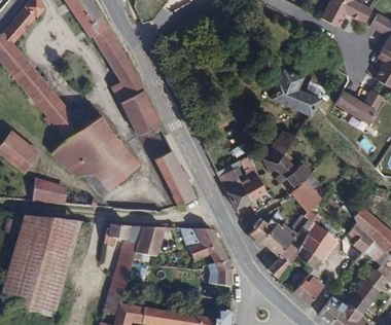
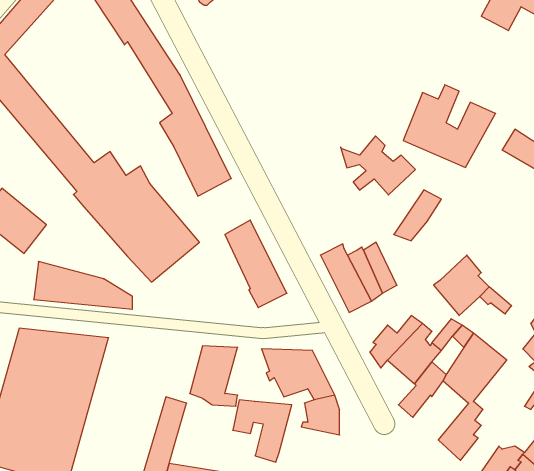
building: [52,139,93,175] -> none
building: [263,150,312,188] -> [341,136,415,195]
building: [103,227,141,267] -> [233,400,292,462]

